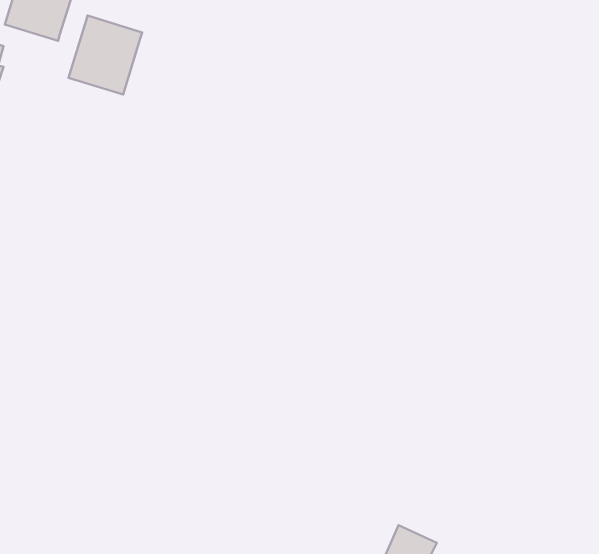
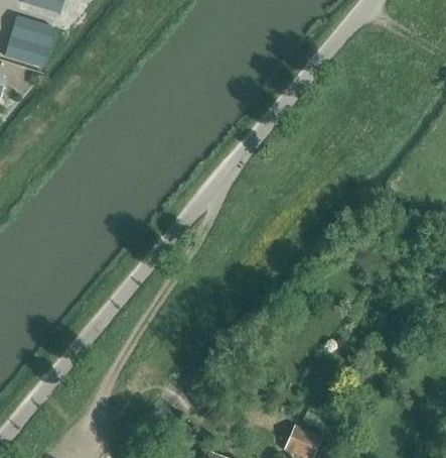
building: [69,16,142,95] -> none

